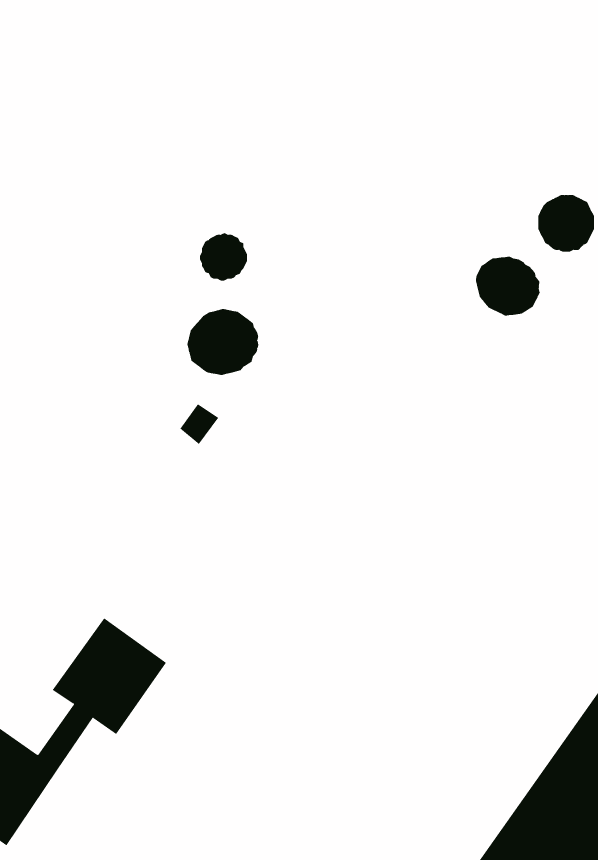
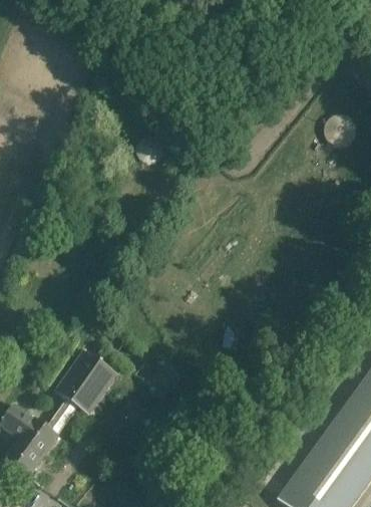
building: [475,256,540,316] -> none
building: [187,308,259,376] -> none

